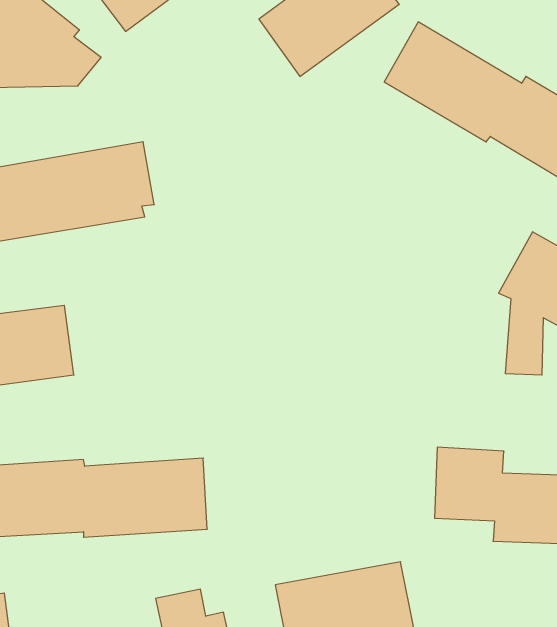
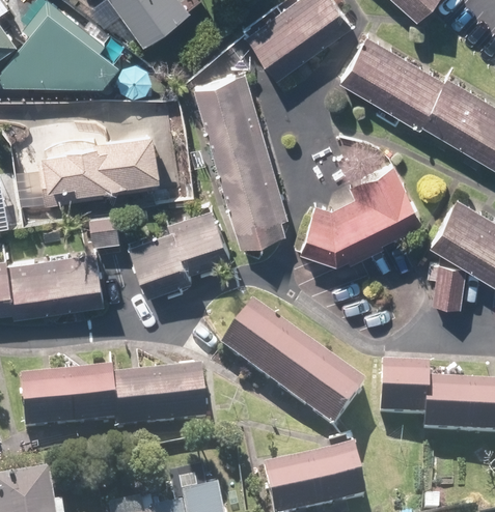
building: none -> [192,73,288,248]
building: none -> [301,163,424,262]
building: none -> [128,207,232,296]
building: none -> [217,304,366,430]

